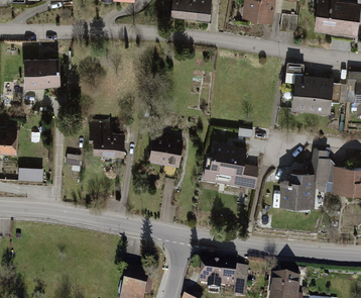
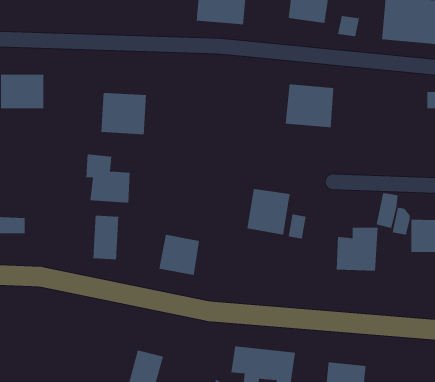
building: none -> [101,92,146,135]
building: [292,79,330,112] -> [285,84,334,128]
building: [149,136,180,168] -> [159,234,200,276]
building: none -> [93,215,119,260]

